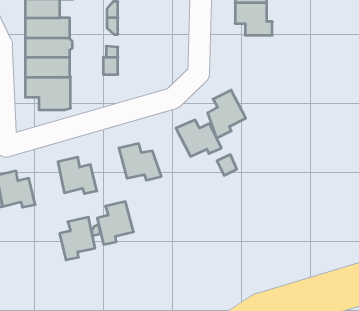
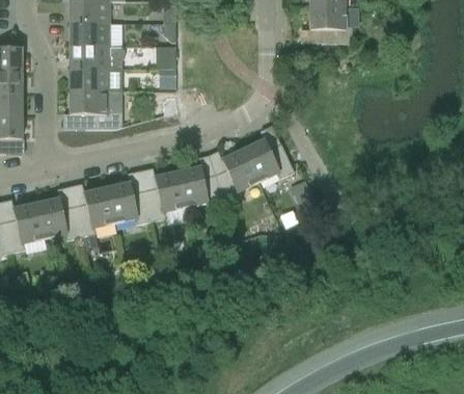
building: [208,90,246,138] -> [215,148,258,203]
building: [97,202,134,244] -> [144,170,186,219]
building: [60,217,95,260] -> [74,186,114,235]

